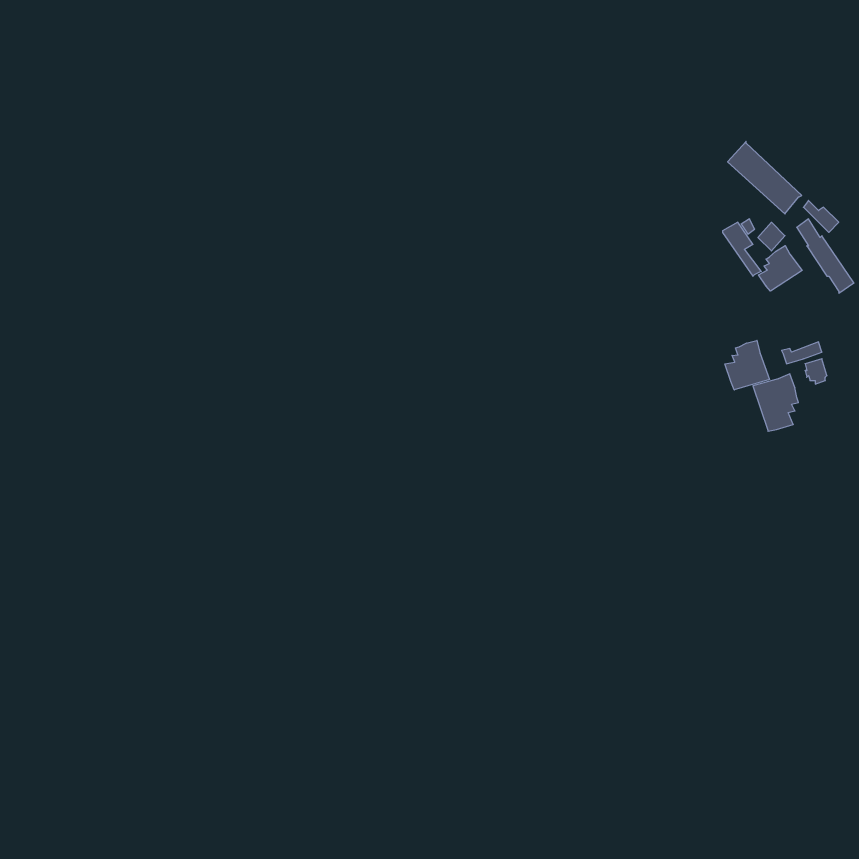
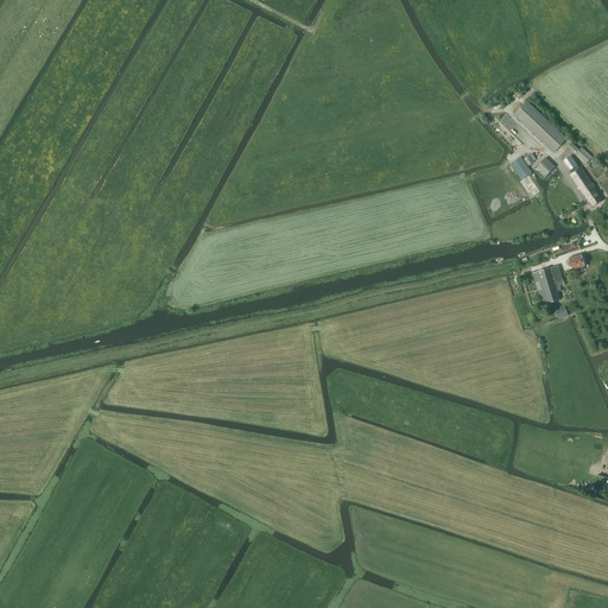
building: [758,246,802,291] -> none
building: [725,340,769,390] -> none

